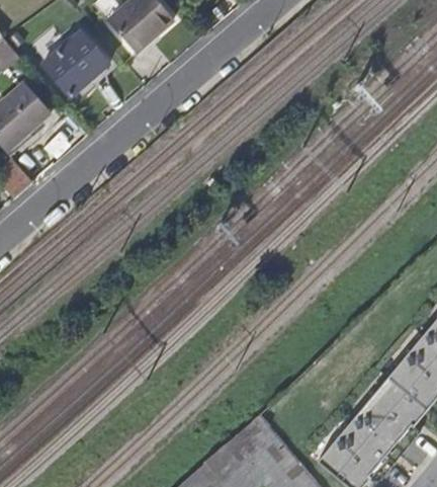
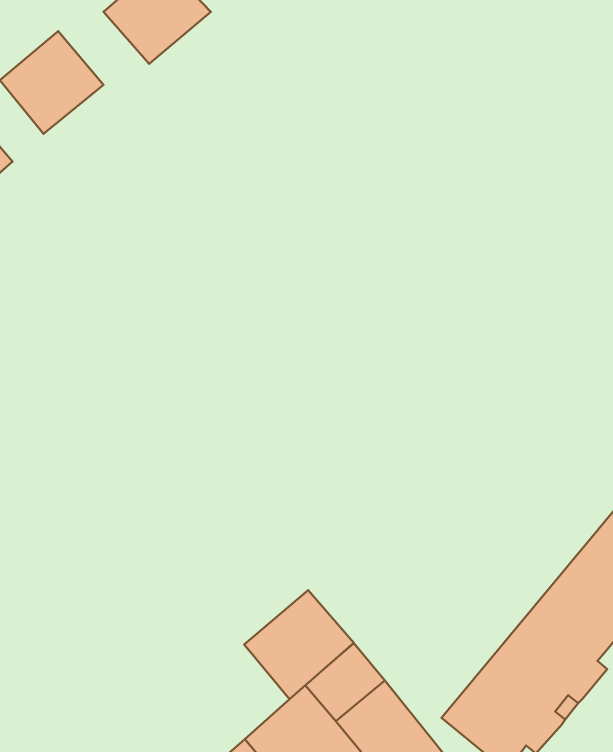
building: none -> [244,590,354,699]

